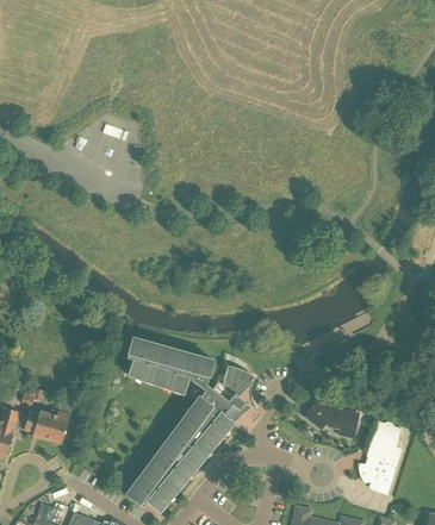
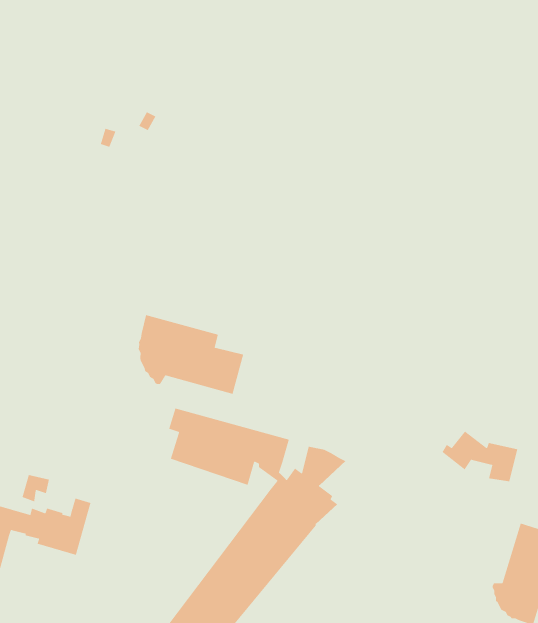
building: none -> [138,314,244,395]
building: [305,400,360,437] -> [442,431,518,482]

